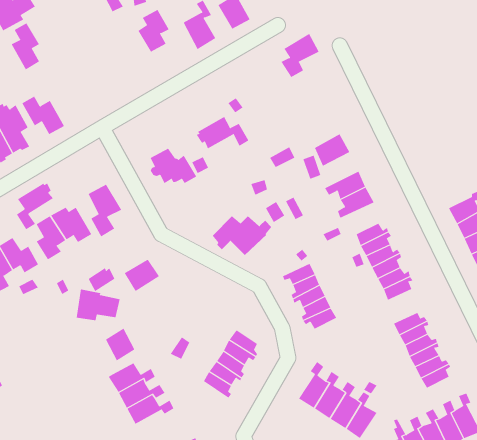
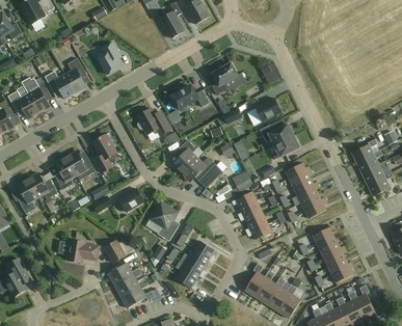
building: [138,9,169,52] -> [99,43,122,74]
building: [11,23,40,70] -> [65,58,86,92]
building: [281,33,320,78] -> [210,62,238,94]
building: [16,182,54,230] -> none
building: none -> [171,139,196,171]
building: none -> [150,200,179,240]
building: [76,289,121,321] -> [68,239,100,262]

